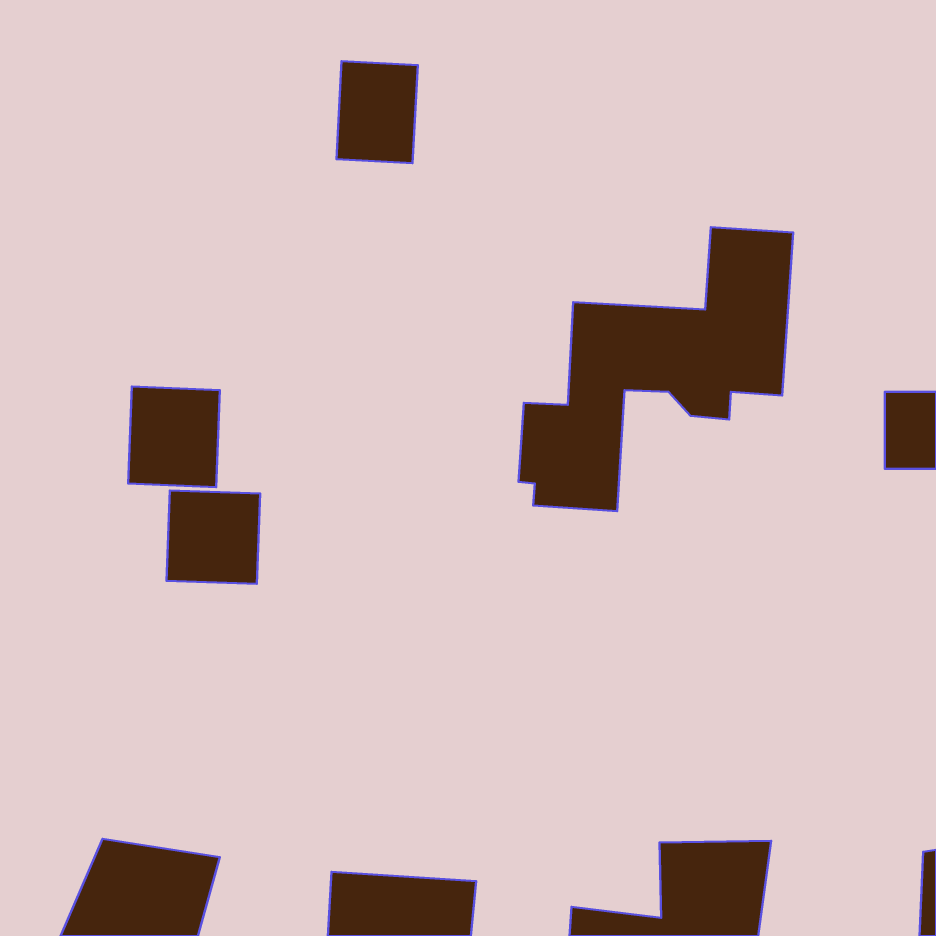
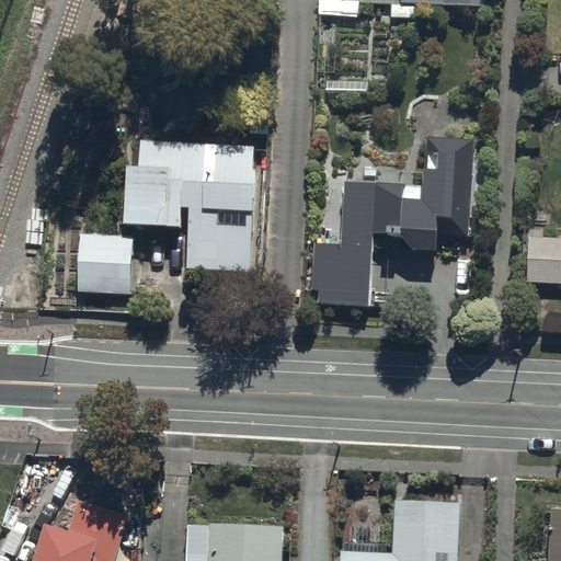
building: [336,61,418,163] -> none
building: none -> [125,147,254,277]
building: [167,490,260,584] -> none

